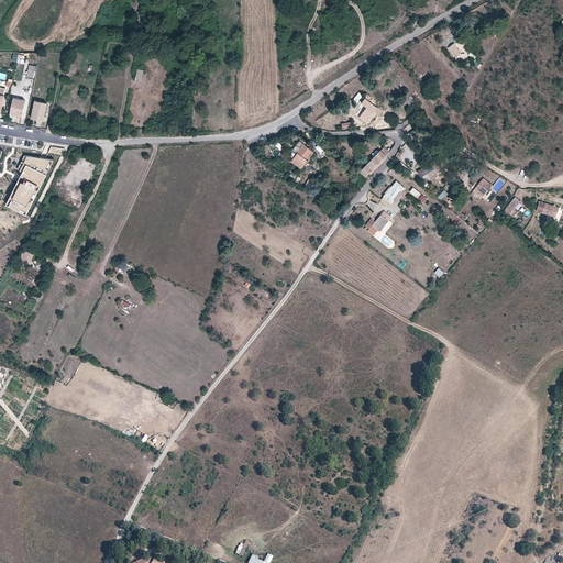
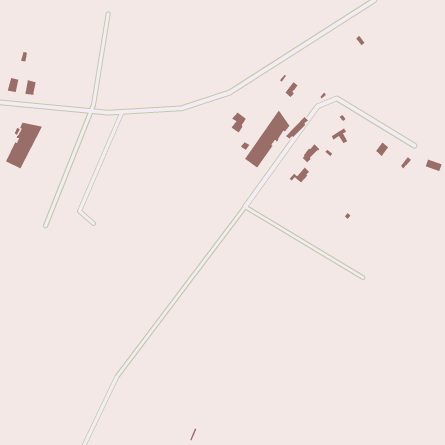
building: none -> [244,109,290,168]

